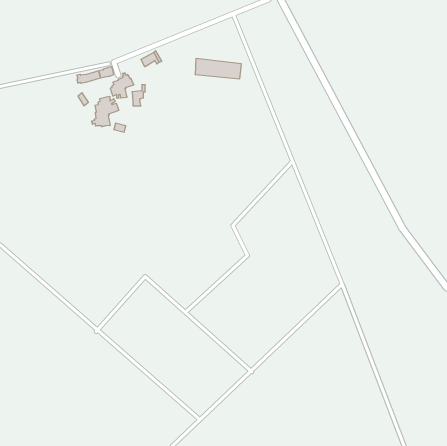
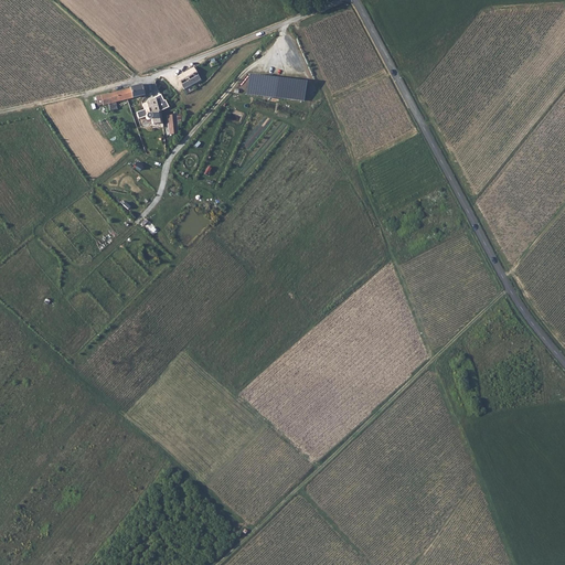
building: [92,96,119,127] -> none

